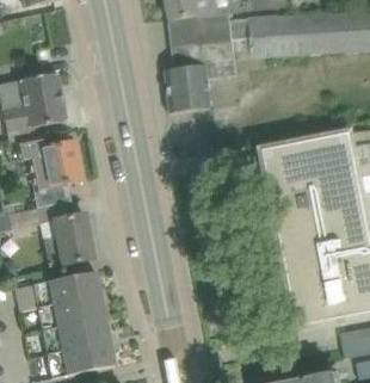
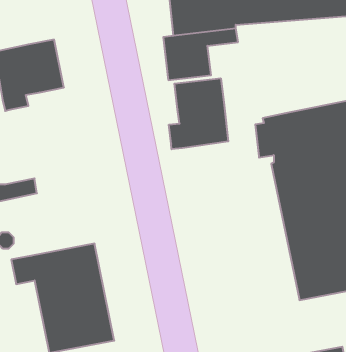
building: none -> [169,78,228,149]
building: [8,135,81,205] -> none
building: [44,214,93,266] -> none

